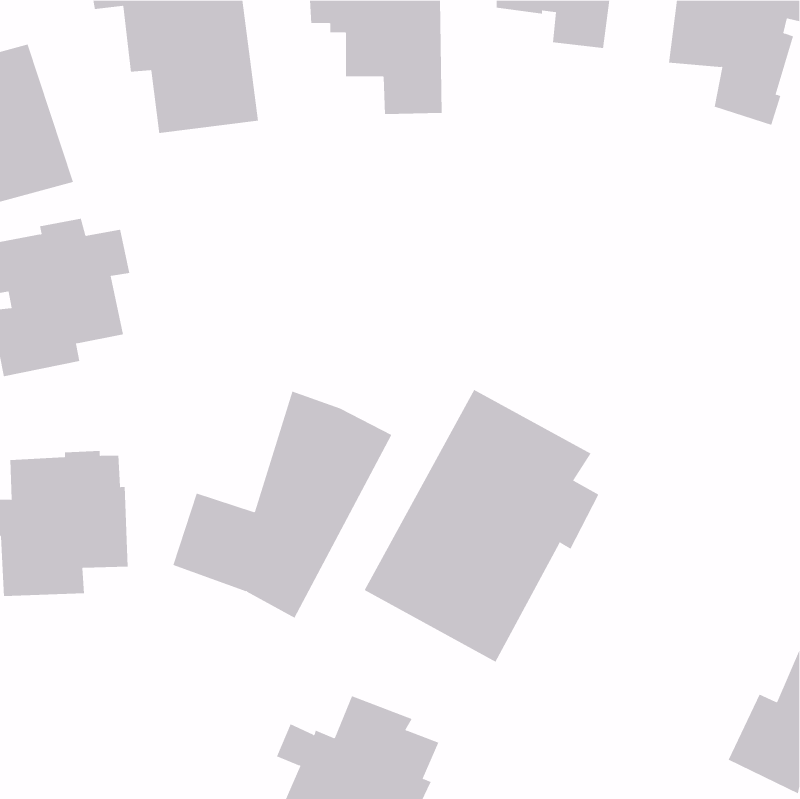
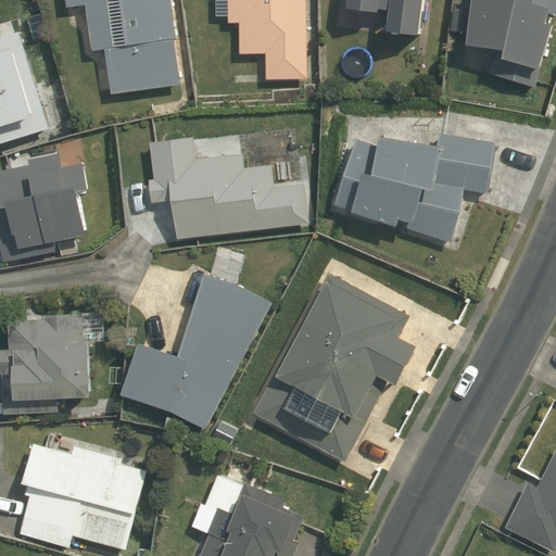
building: none -> [332,135,494,243]
building: none -> [147,137,307,239]
building: none -> [20,441,148,549]

